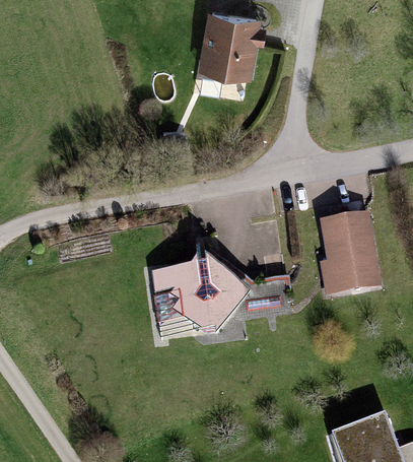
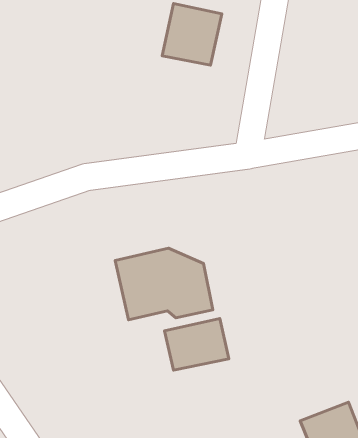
building: [321,216,377,293] -> none
building: none -> [164,319,229,370]

